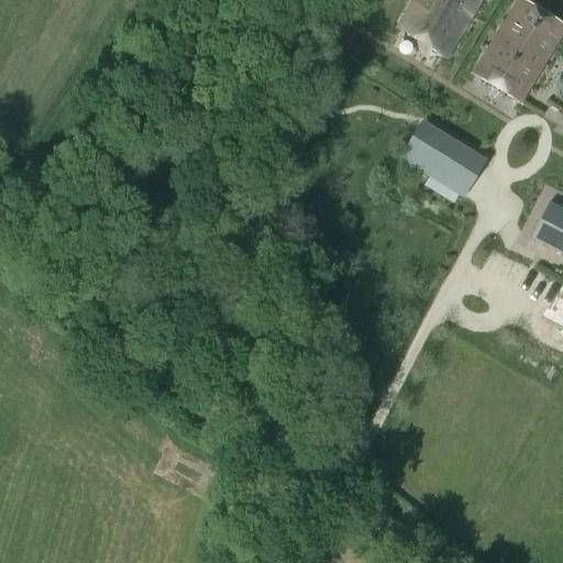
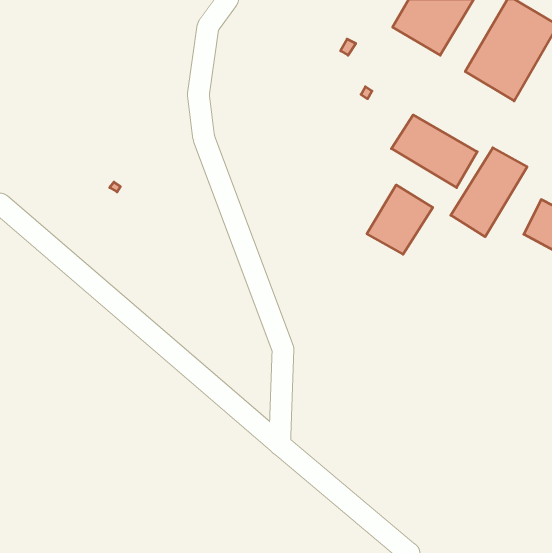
building: none -> [451,148,527,237]
building: none -> [367,185,433,254]

